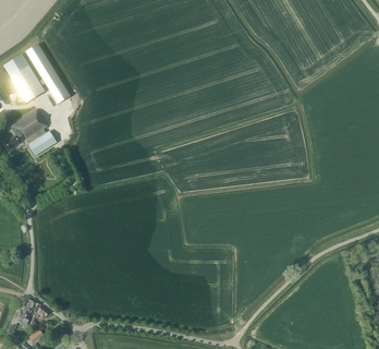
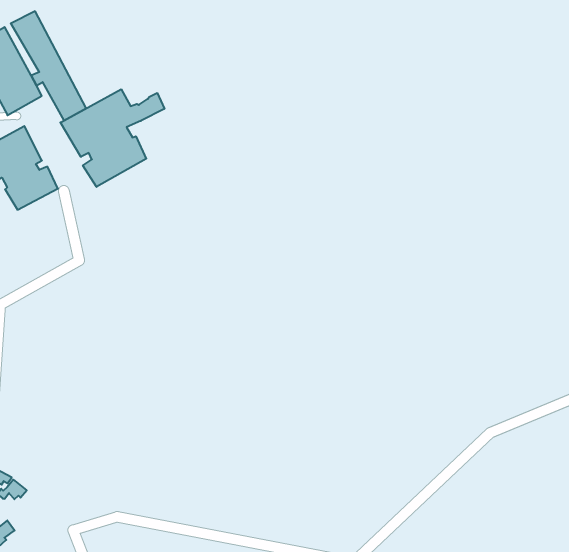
building: none -> [60,89,164,187]

